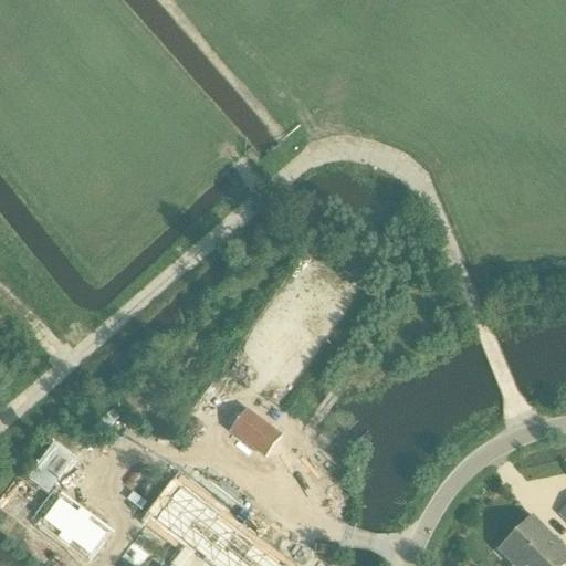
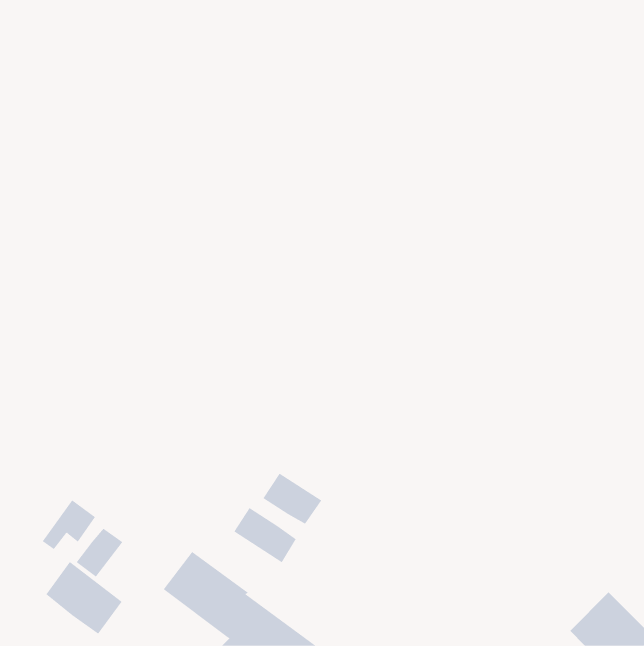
building: none -> [233,507,297,563]
building: none -> [76,528,123,578]

